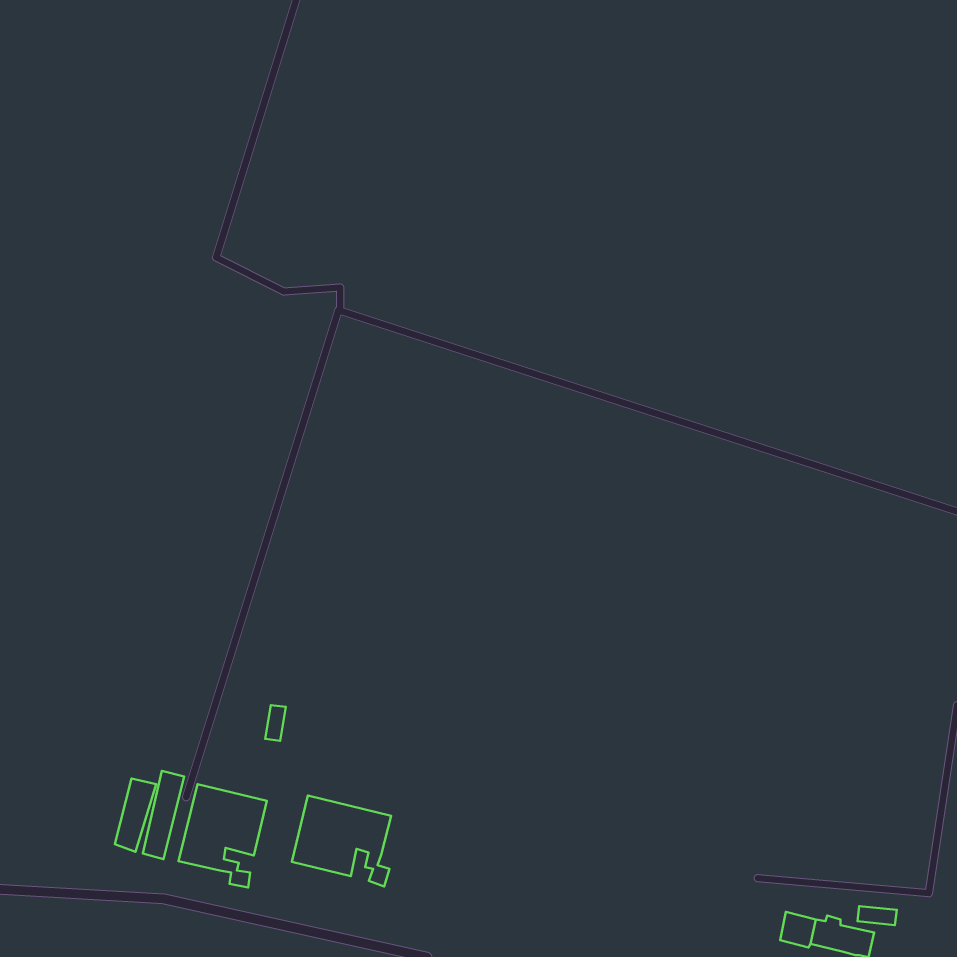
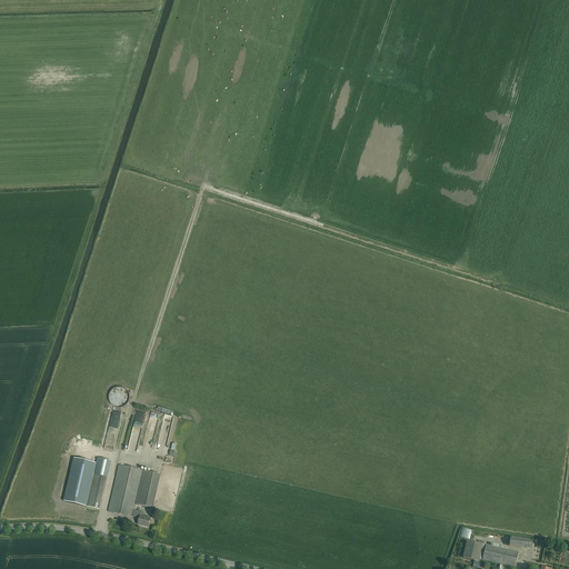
building: [292,795,391,886] -> none

